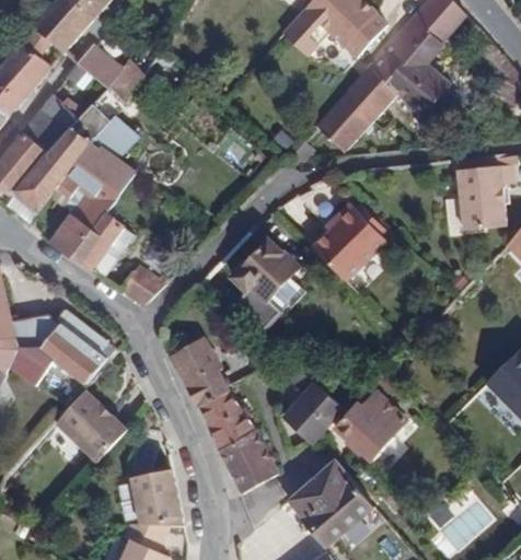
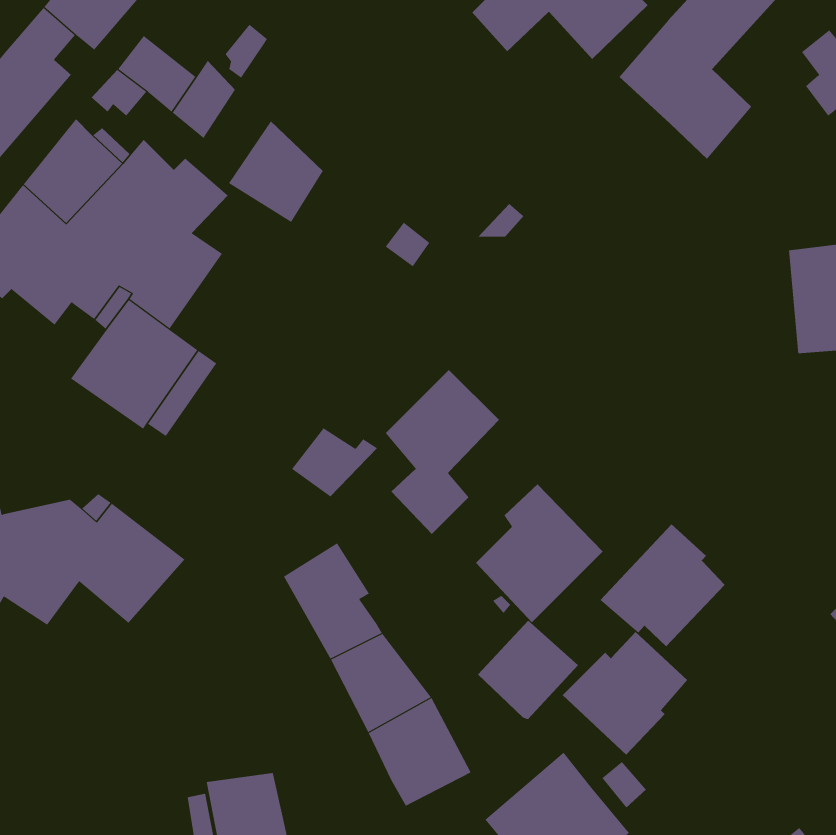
building: [315,68,396,152] -> none
building: none -> [228,121,324,223]
building: [312,196,386,277] -> [475,484,603,623]
building: [118,266,169,306] -> [291,427,378,497]
building: none -> [599,523,726,647]
building: [53,390,124,463] -> none

